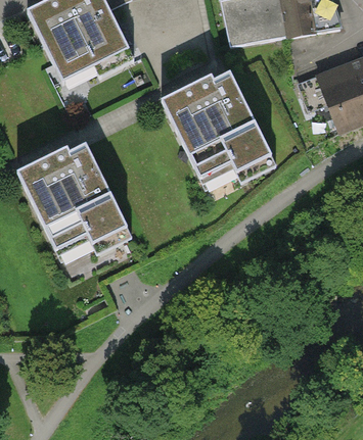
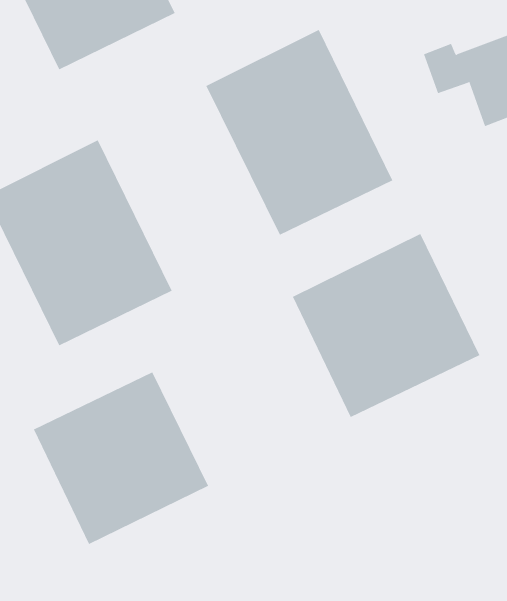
building: none -> [292,233,480,418]
building: none -> [33,372,209,545]

